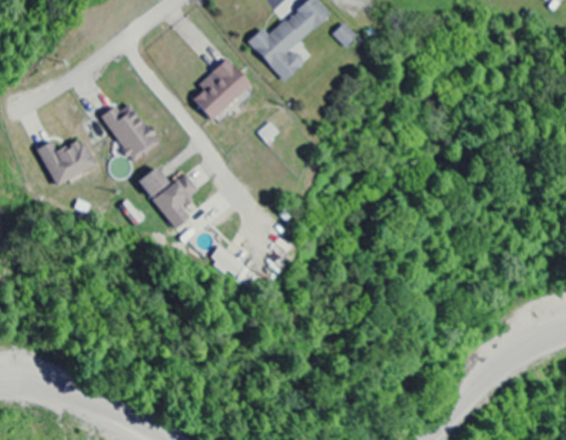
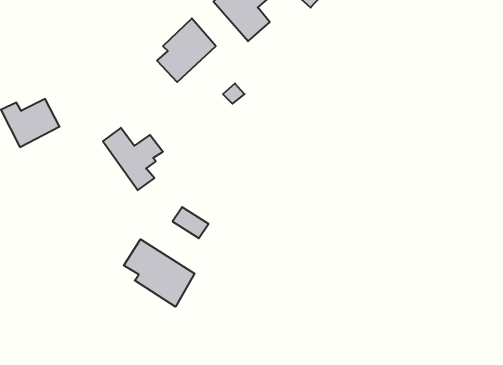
building: [101,101,160,162] -> none
building: none -> [124,239,195,307]

